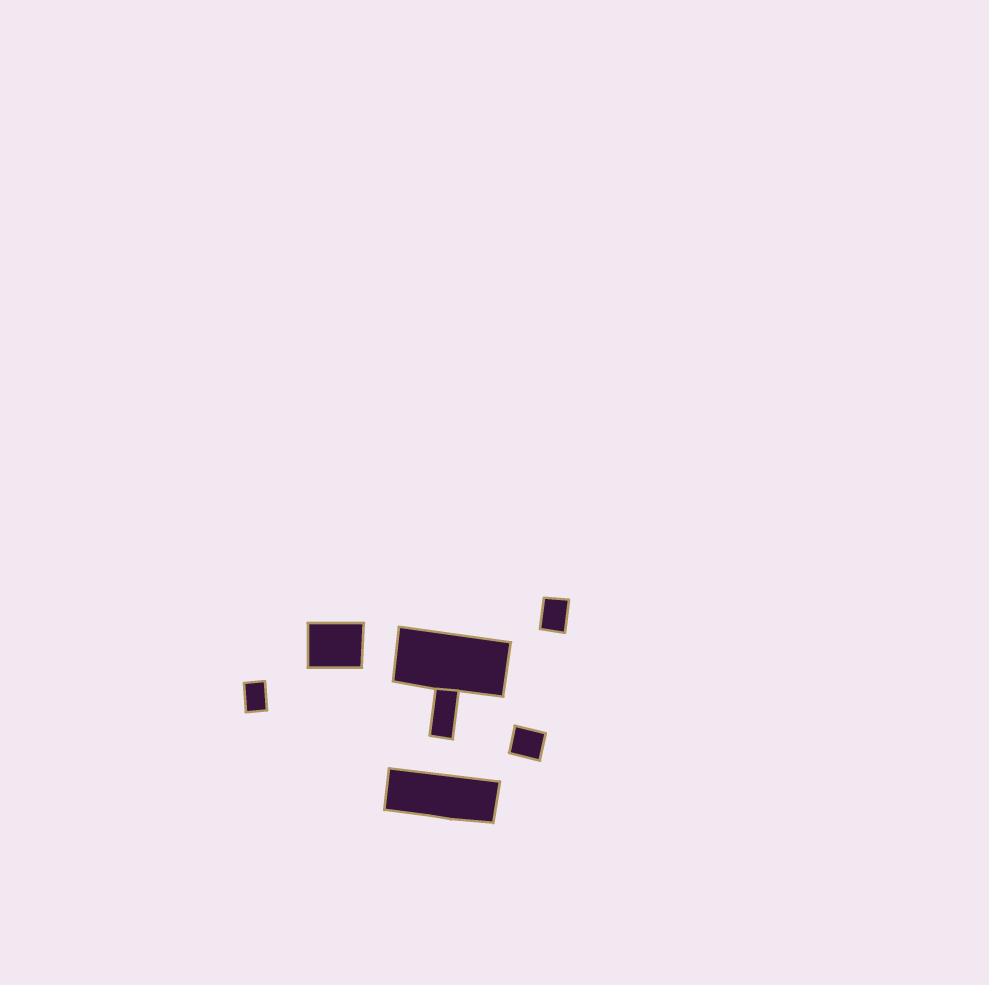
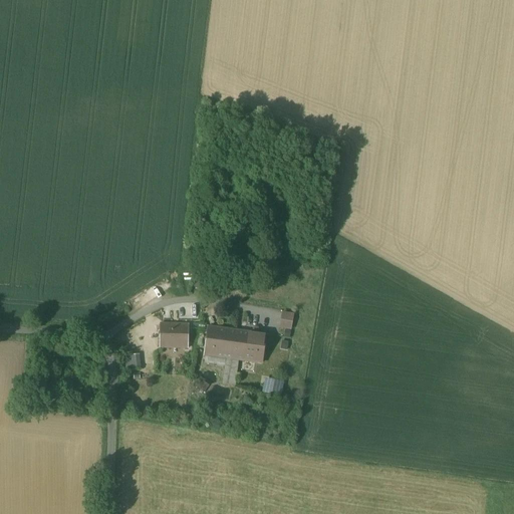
building: [384,768,500,823] -> none

